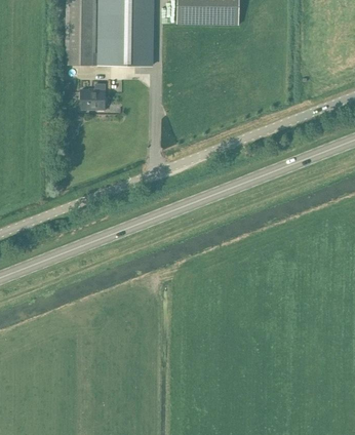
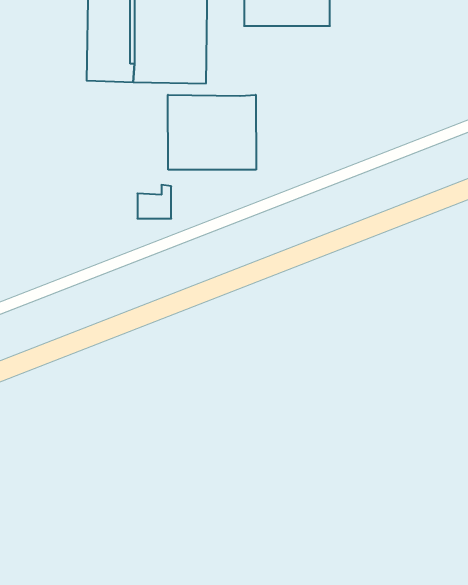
building: none -> [168,95,256,170]
building: [81,83,106,108] -> [137,185,171,219]

